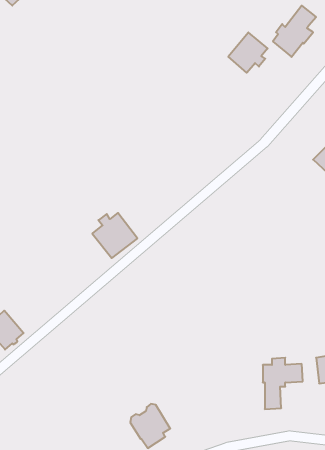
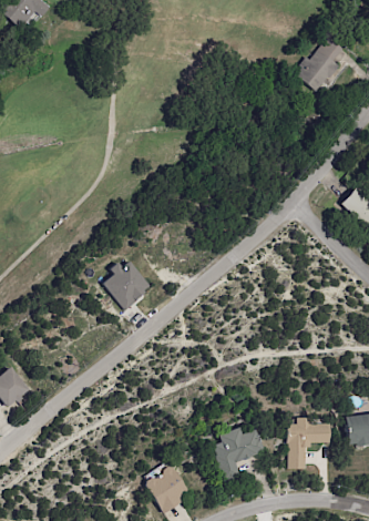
building: [228,32,268,73] -> none
building: none -> [212,426,264,482]

